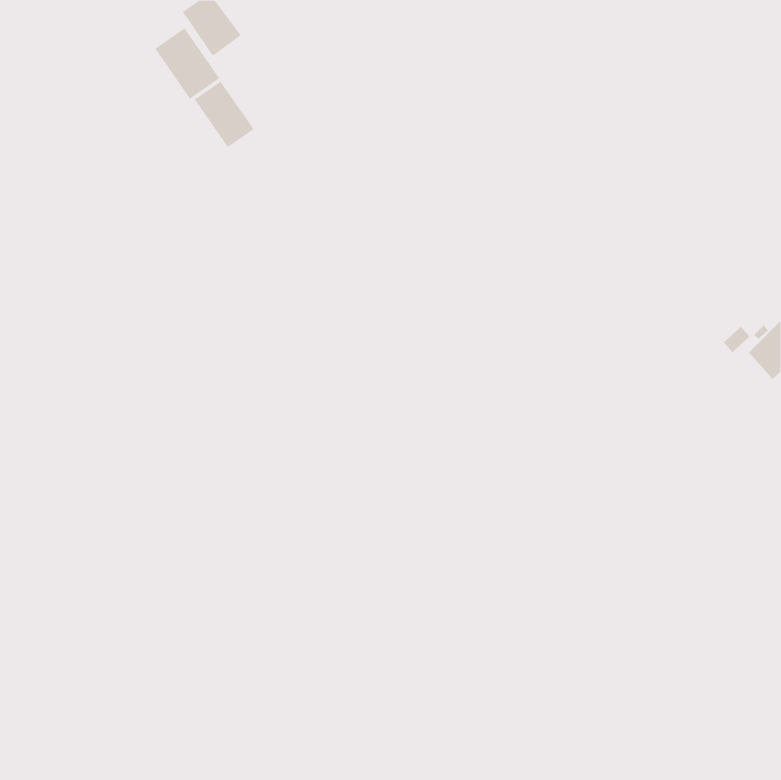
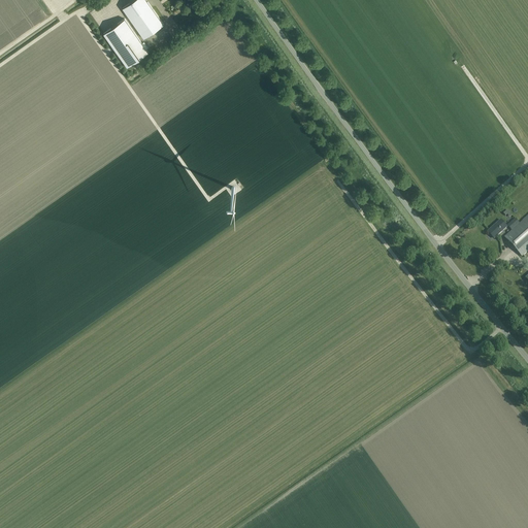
building: [194,81,254,148] -> none

